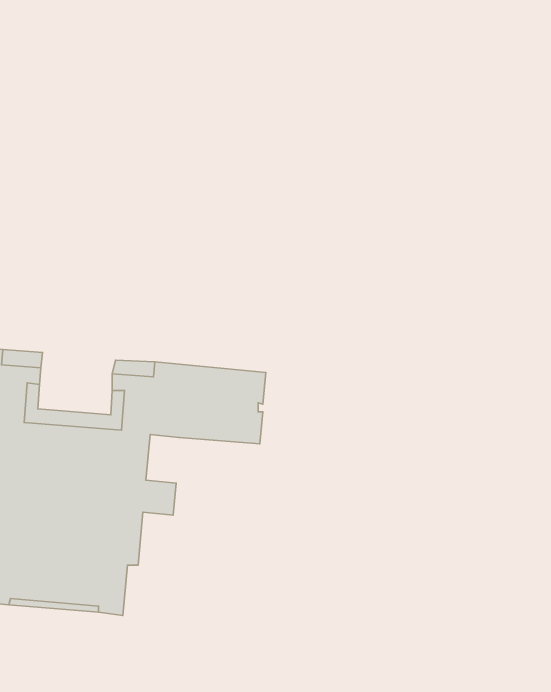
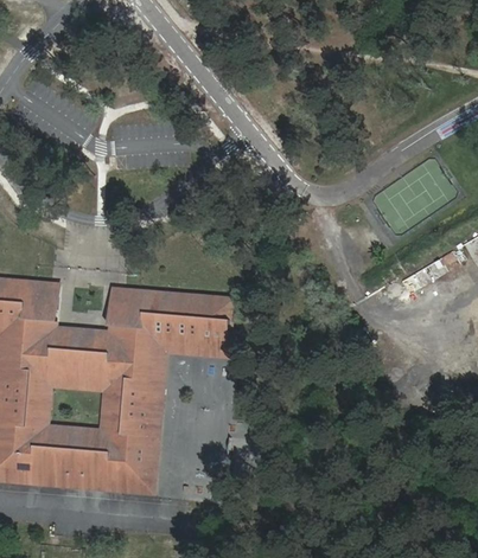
building: none -> [136,348,162,386]
building: none -> [119,409,158,492]

